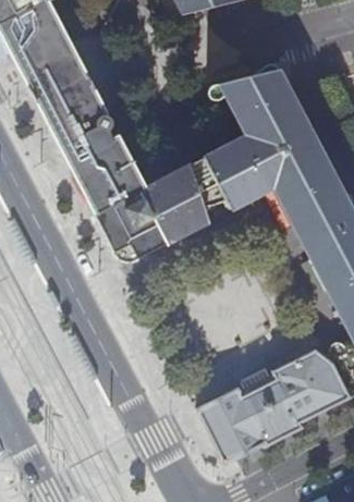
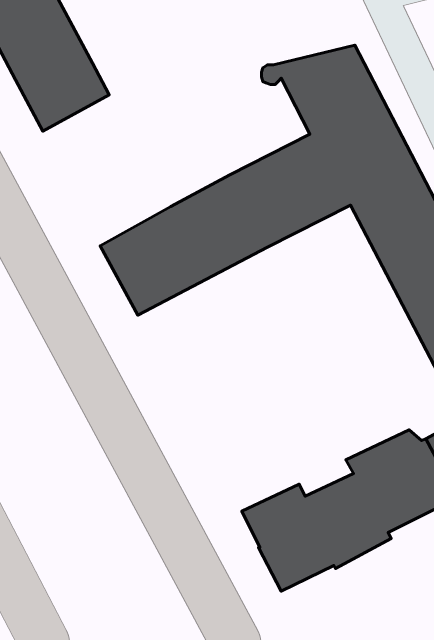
building: [53,105,146,213] -> none

